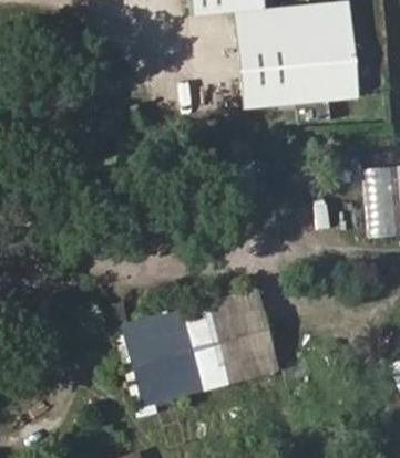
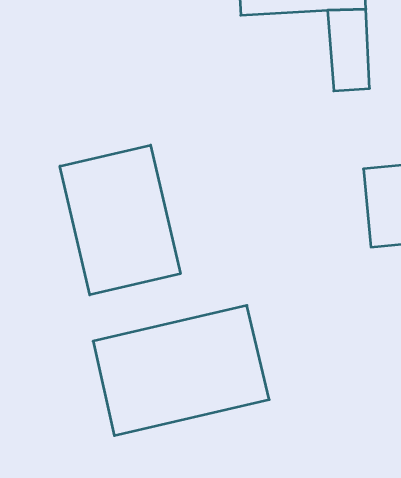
building: [243,29,326,105] -> none
building: none -> [60,145,180,295]

